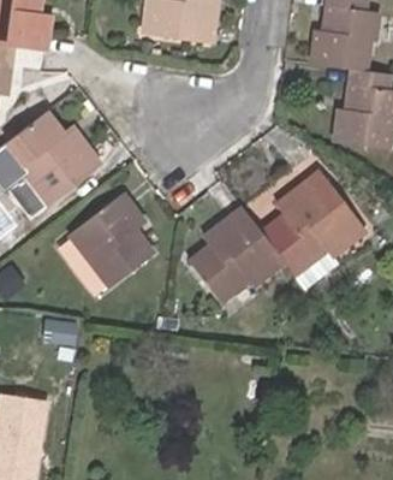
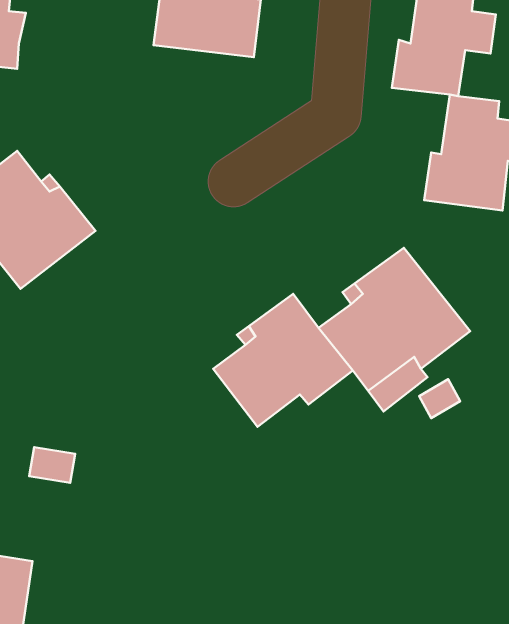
building: [66,194,151,289] -> none

